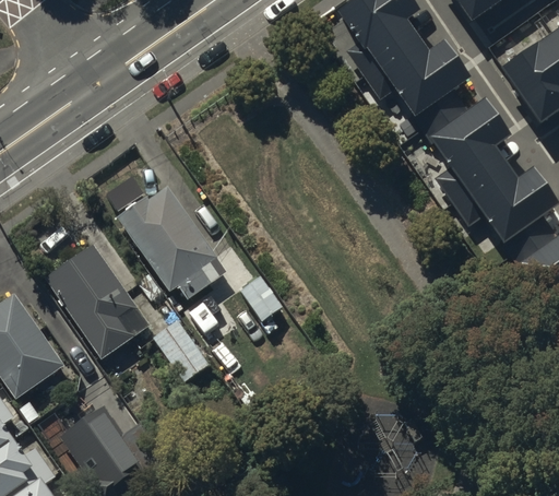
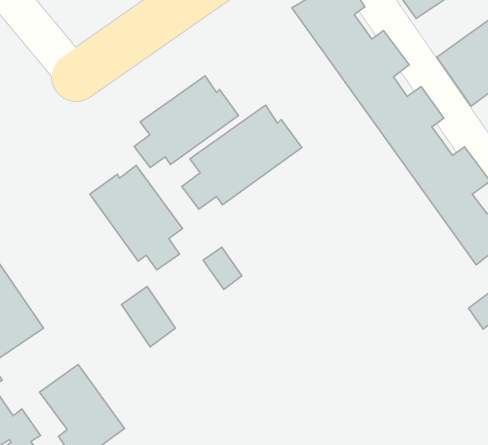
building: none -> [134,76,239,168]
building: none -> [182,105,302,209]
building: [41,241,150,359] -> none

